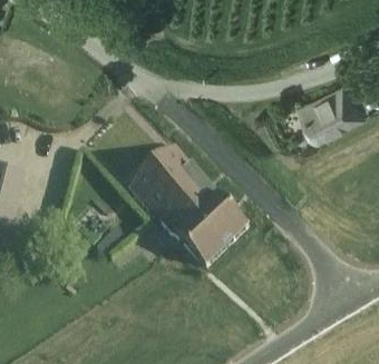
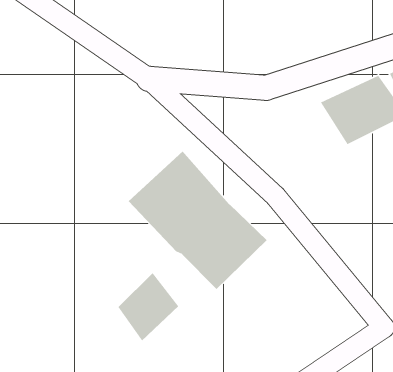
building: none -> [118,272,179,341]

